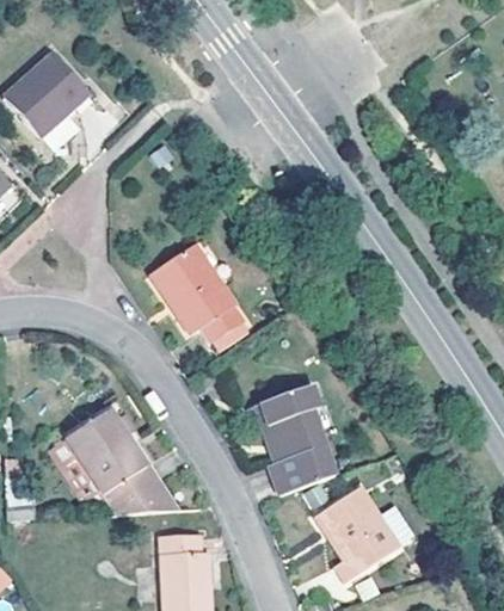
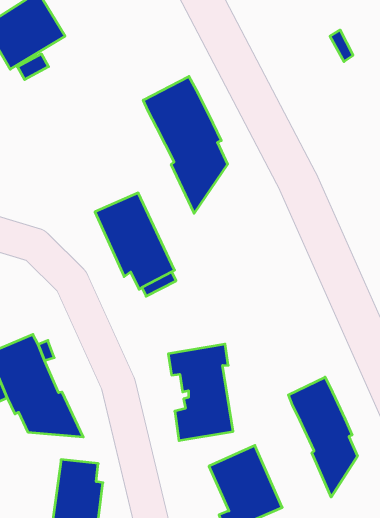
building: none -> [143,76,228,213]
building: none -> [288,377,357,497]

